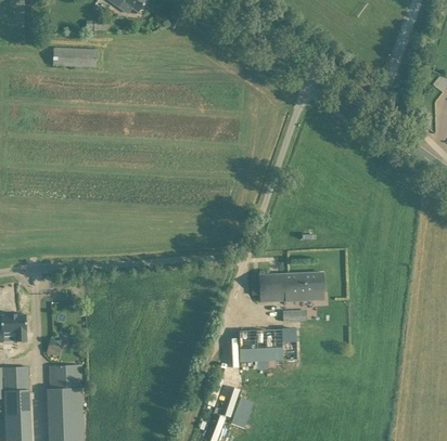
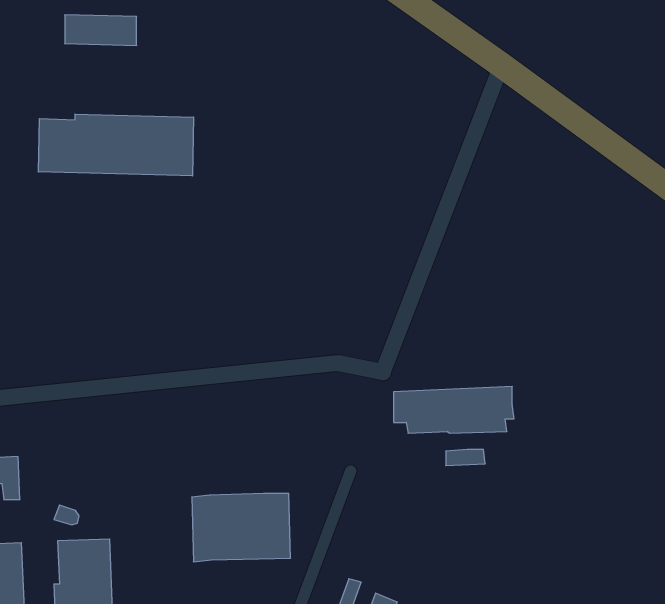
building: none -> [38,114,194,176]
building: [239,328,298,369] -> [192,493,291,562]

